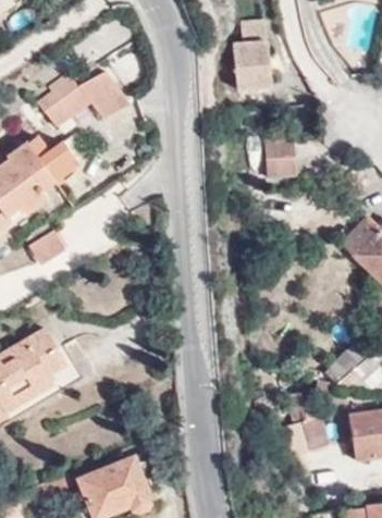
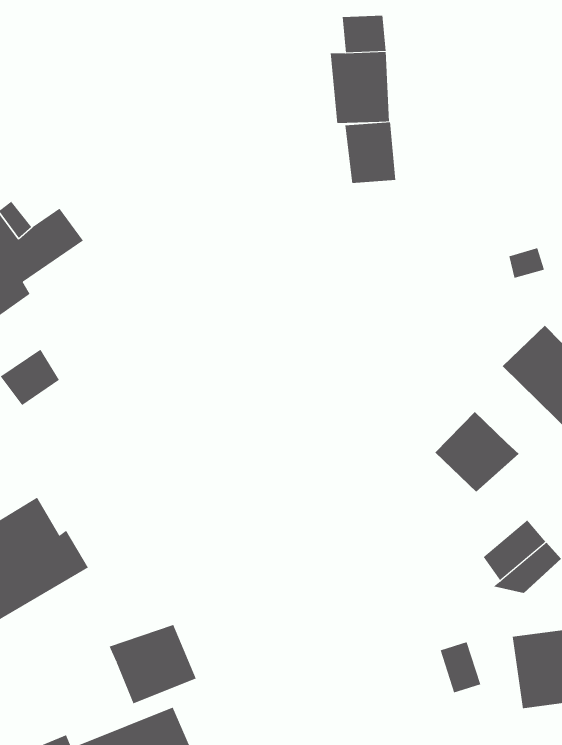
building: [39,70,130,126] -> none
building: [264,138,297,177] -> [345,122,396,184]
building: none -> [434,411,520,493]
building: none -> [109,624,196,704]

